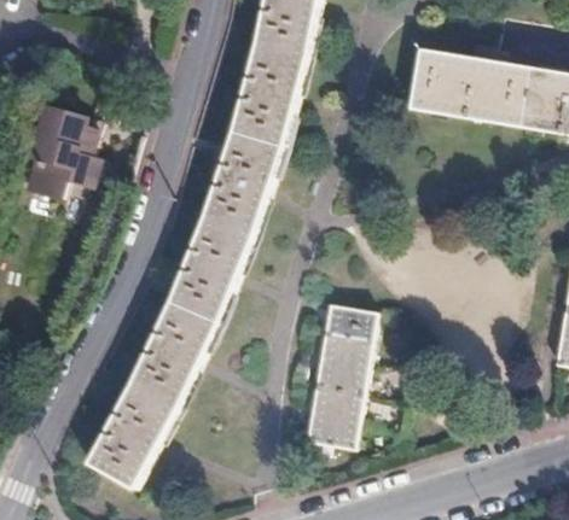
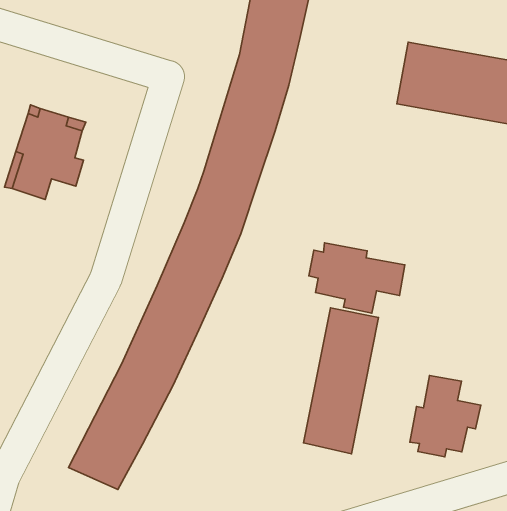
building: none -> [309,243,405,313]
building: none -> [410,375,481,457]

